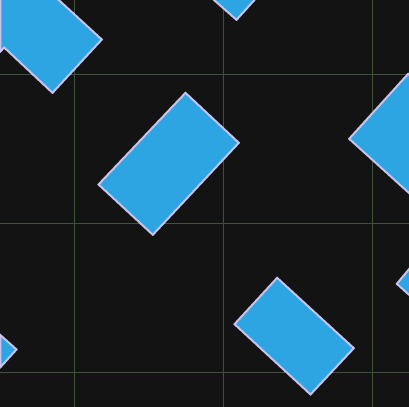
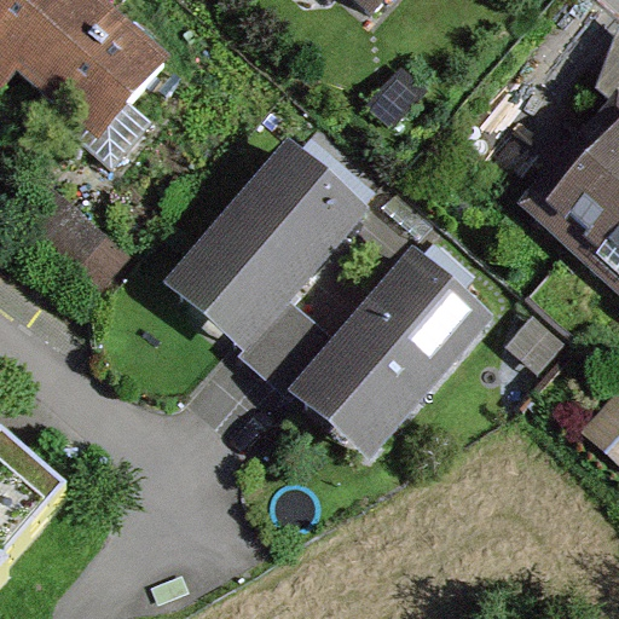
building: none -> [254,243,501,463]
building: [234,278,354,394] -> none

